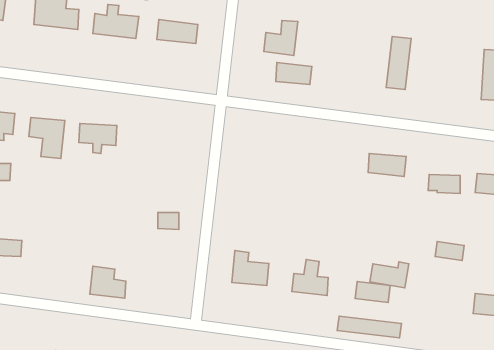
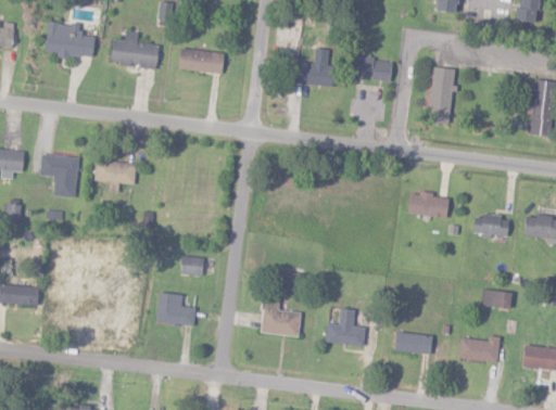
building: [276,62,312,84] -> [354,56,393,80]
building: [370,262,409,288] -> [458,335,501,363]
building: [90,266,126,298] -> [156,292,195,326]
building: [337,316,401,338] -> none

